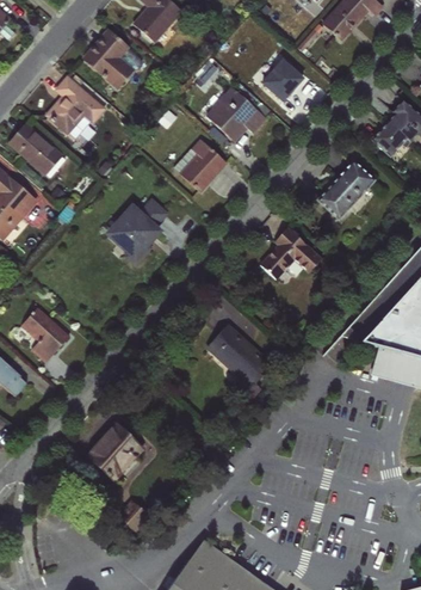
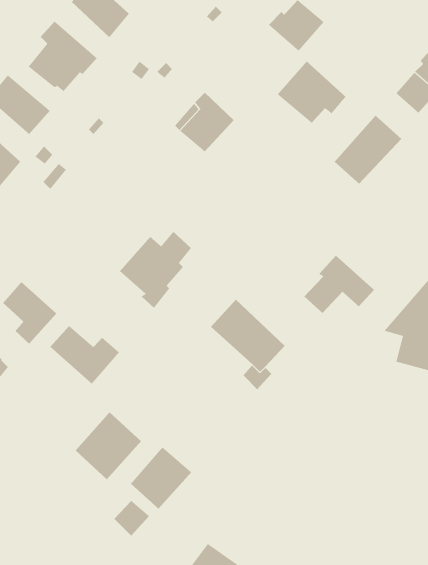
building: [205,85,267,141] -> [277,61,347,124]
building: [105,197,169,266] -> [119,231,192,309]
building: [260,226,323,278] -> [304,255,375,314]
building: none -> [50,325,120,384]
building: none -> [130,446,192,510]

